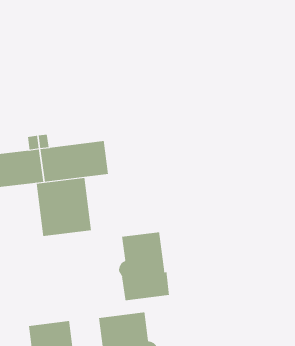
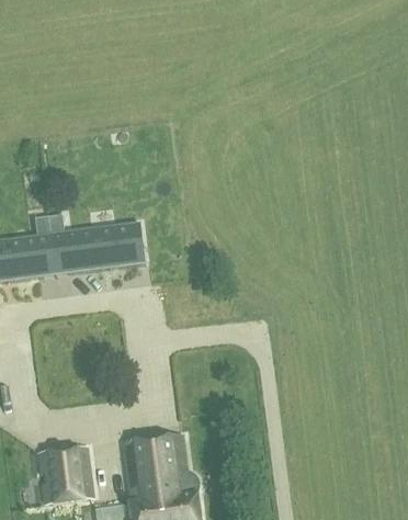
building: [36,177,91,237] -> none
building: [118,232,169,301] -> none

